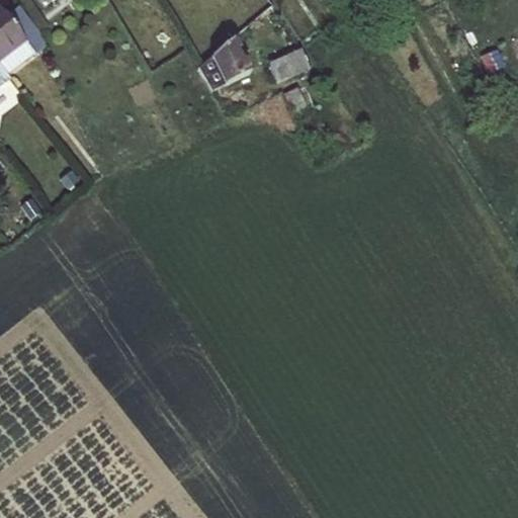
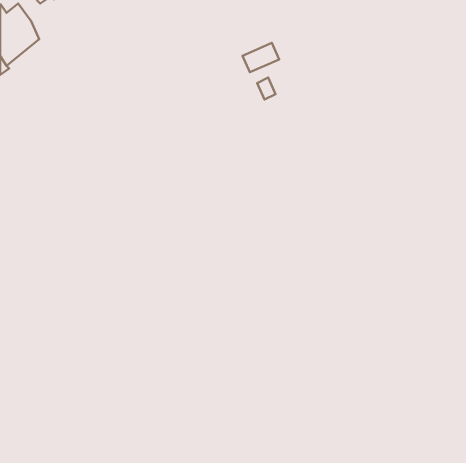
building: [198,35,251,89] -> none

